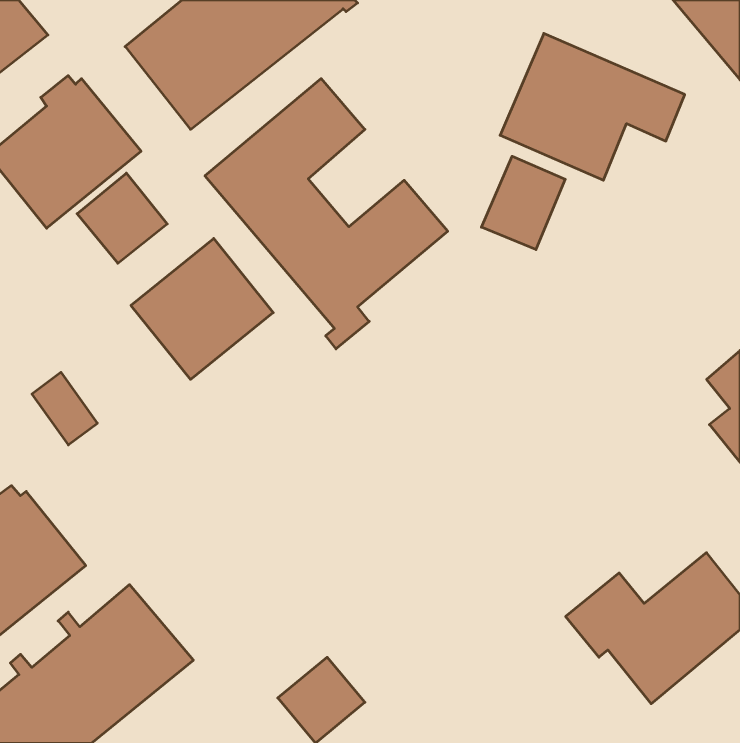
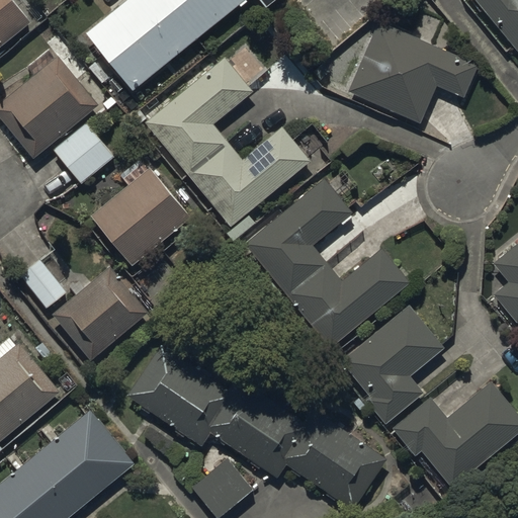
building: [481,156,565,250] -> none
building: none -> [244,178,412,347]
building: none -> [56,269,152,364]
building: none -> [342,304,446,423]
building: none -> [124,346,383,509]

